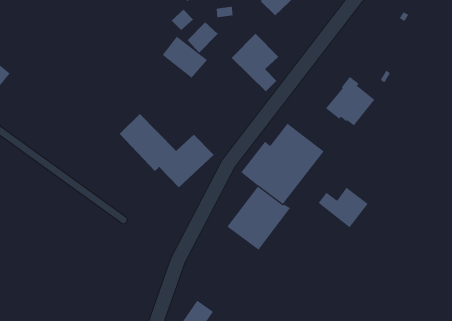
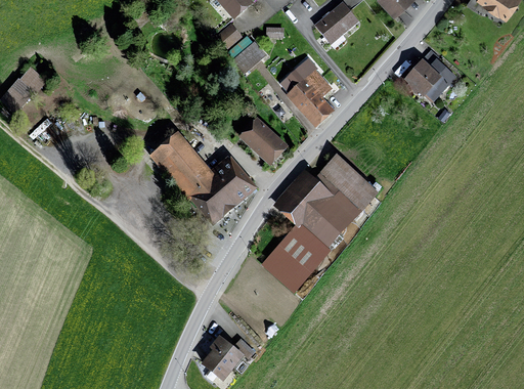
building: [162,36,208,78] -> [243,122,292,169]
building: [325,76,375,126] -> [401,49,455,103]
building: [318,187,369,228] -> none

